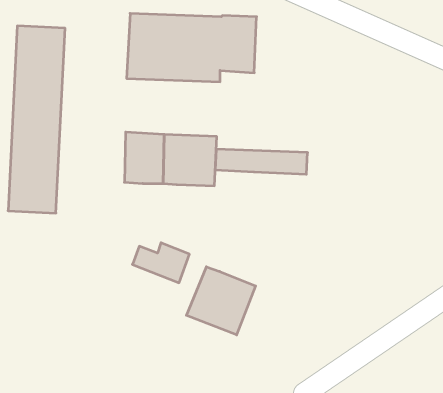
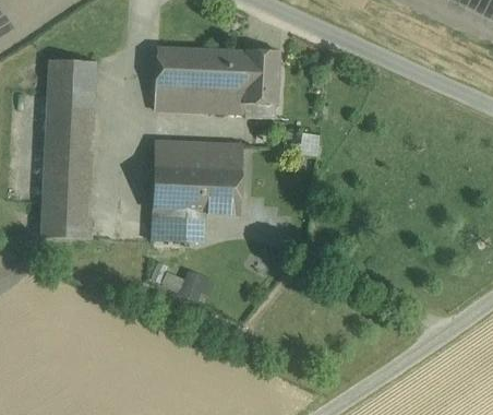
building: [215,149,308,174] -> [153,142,241,166]
building: none -> [168,211,202,242]
building: [186,267,256,335] -> none

